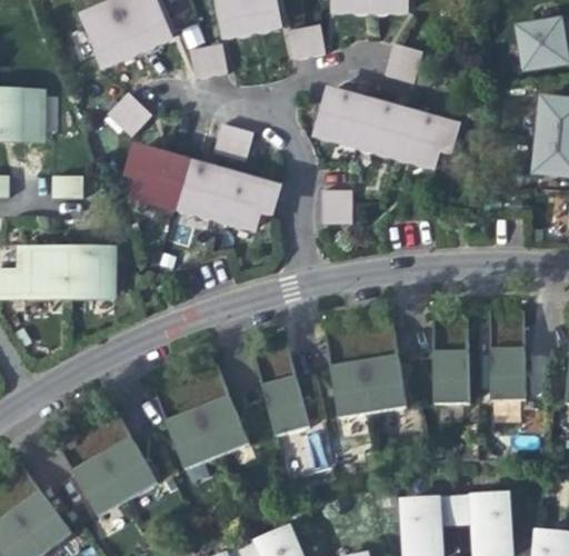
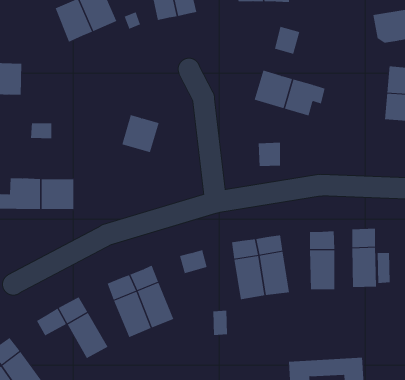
building: [287,23,325,60] -> none
building: [188,43,227,79] -> none
building: [316,91,369,145] -> none
building: [107,92,151,137] -> none
building: [213,123,252,161] -> none
building: [130,149,188,206] -> none
building: [216,176,277,228] -> none
building: [320,190,351,224] -> [258,142,281,167]
building: [261,374,308,436] -> none
building: [71,451,128,516] -> none

